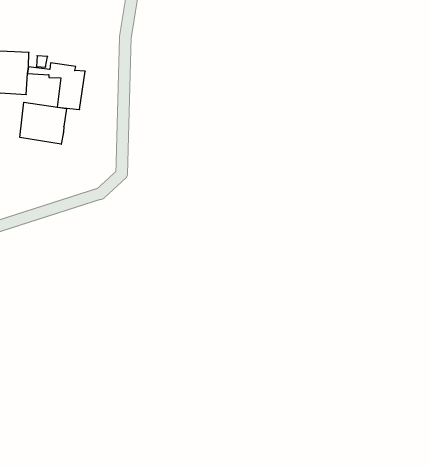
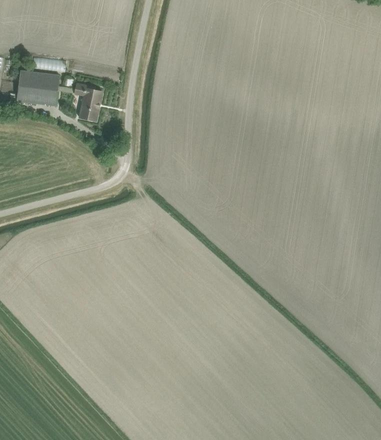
building: [20,102,66,144] -> none

